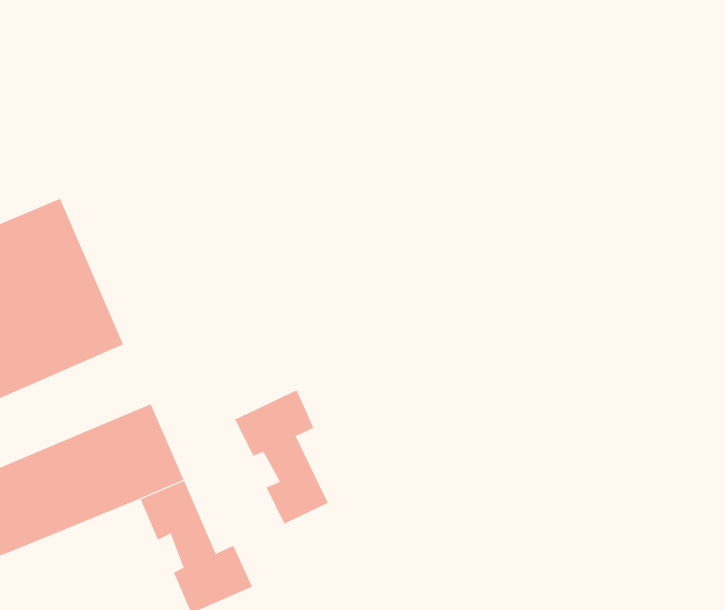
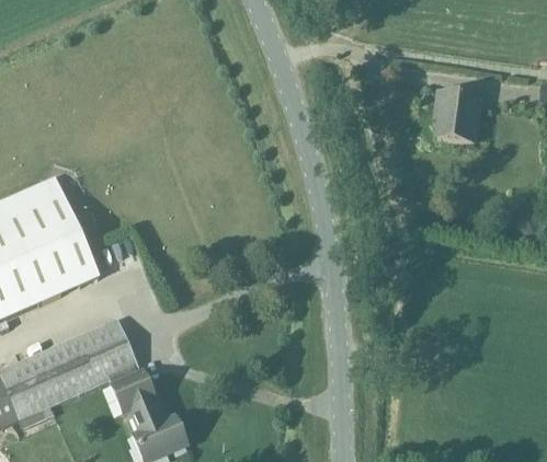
building: none -> [434,91,480,143]
building: [235,390,329,525] -> none

